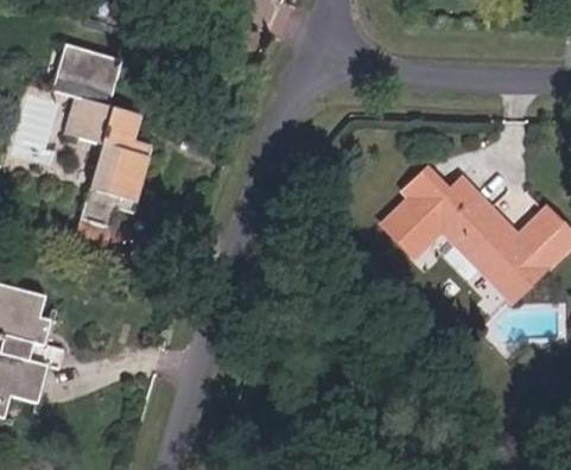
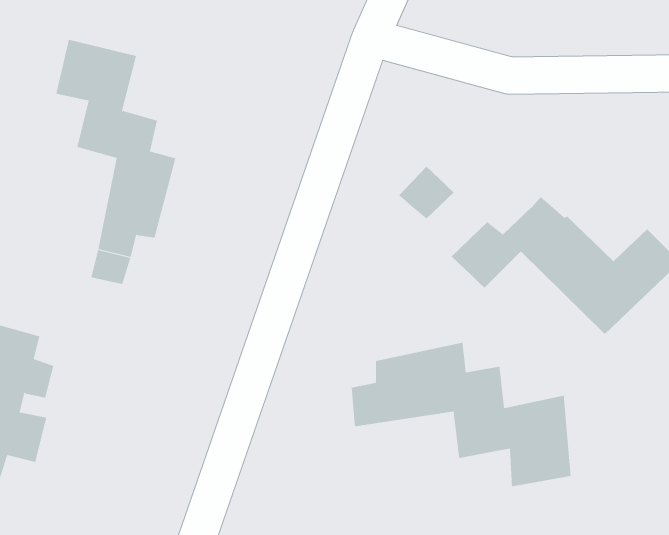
building: [405,164,452,209] -> [398,166,454,219]
building: none -> [351,342,571,487]

